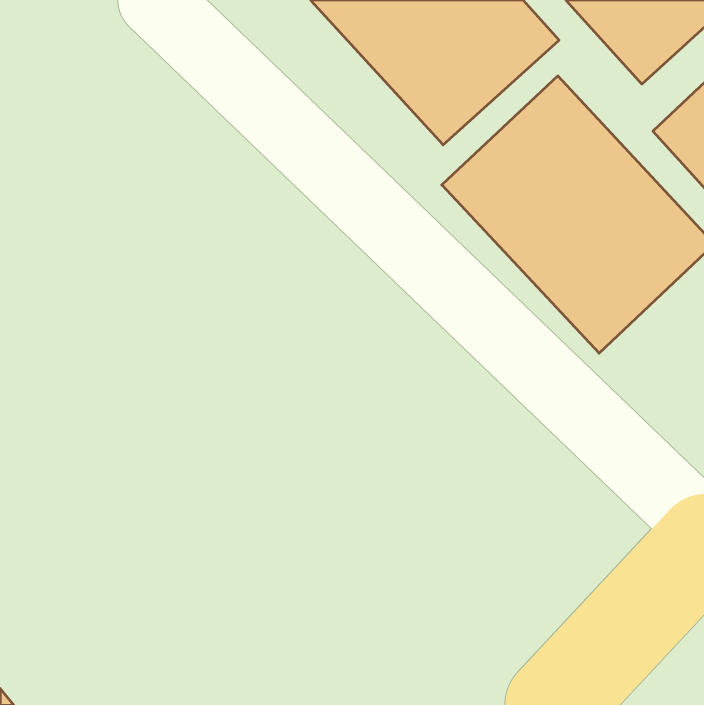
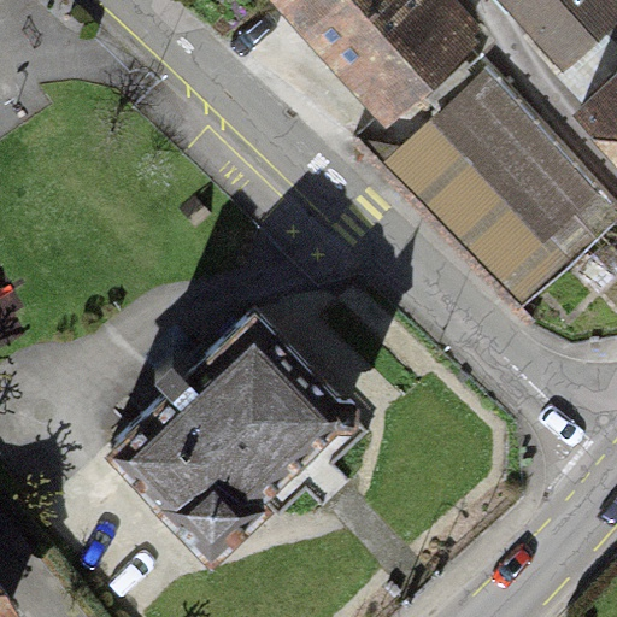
building: none -> [106,317,351,571]

